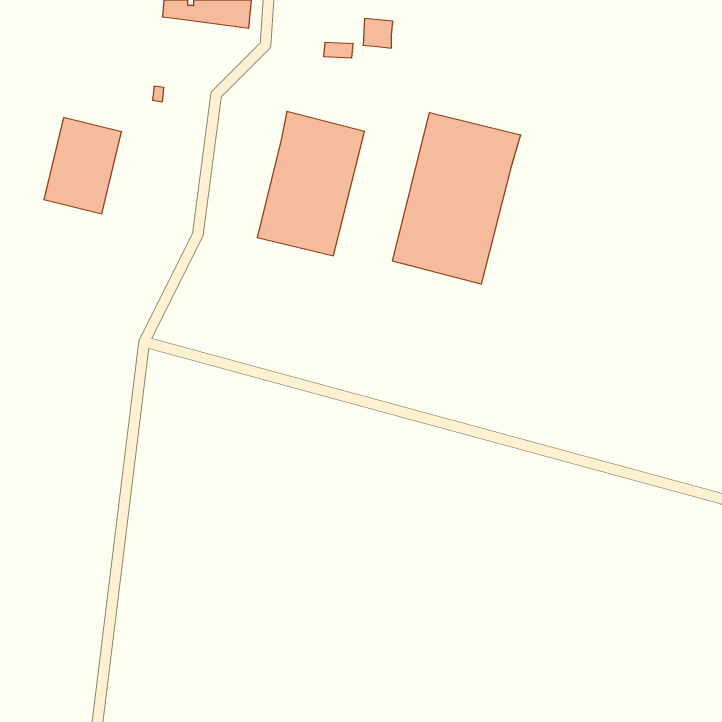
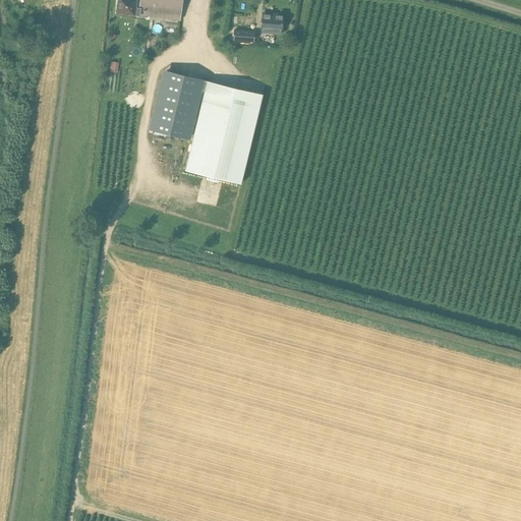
building: [392,112,521,284] -> none
building: [44,118,122,214] -> [149,70,205,139]

